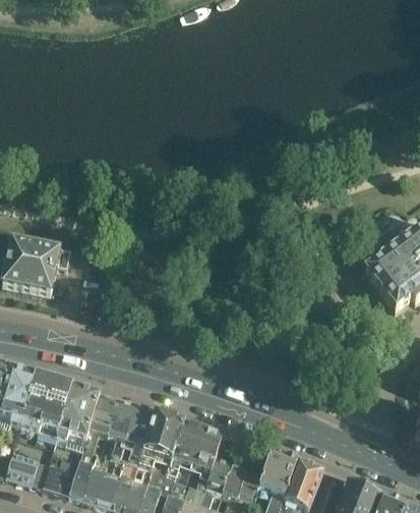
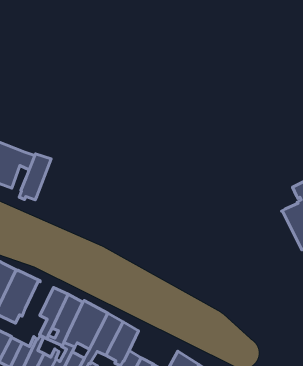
building: none -> [19,154,51,200]
building: [83,396,117,453] -> none

